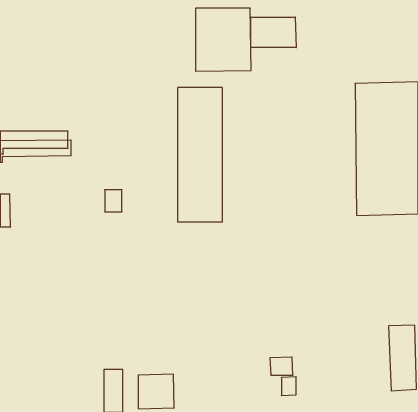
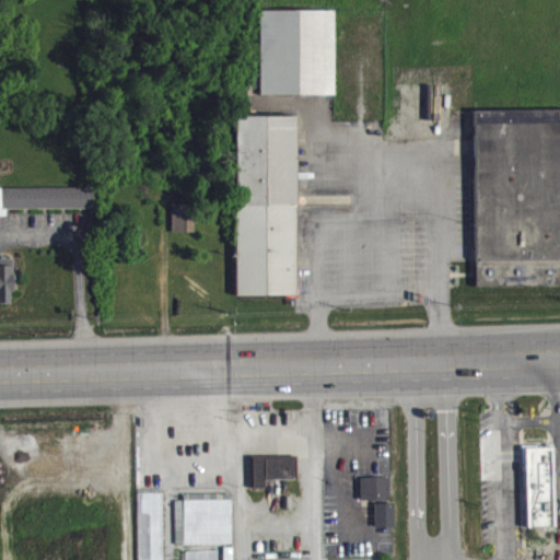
building: [251,17,296,48] -> none
building: [105,190,122,212] -> [173,203,196,233]
building: none -> [254,458,299,489]

